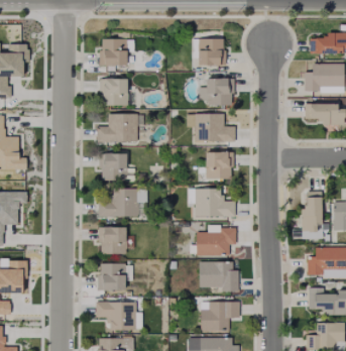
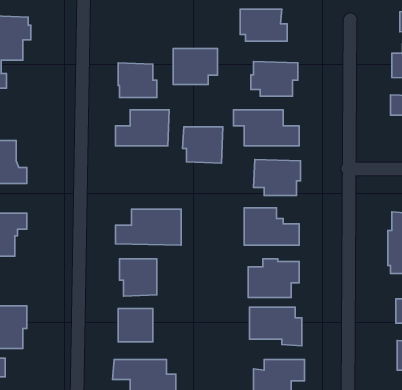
building: [100,39,133,67] -> [173,48,218,85]
building: [97,153,127,181] -> [183,127,223,163]

